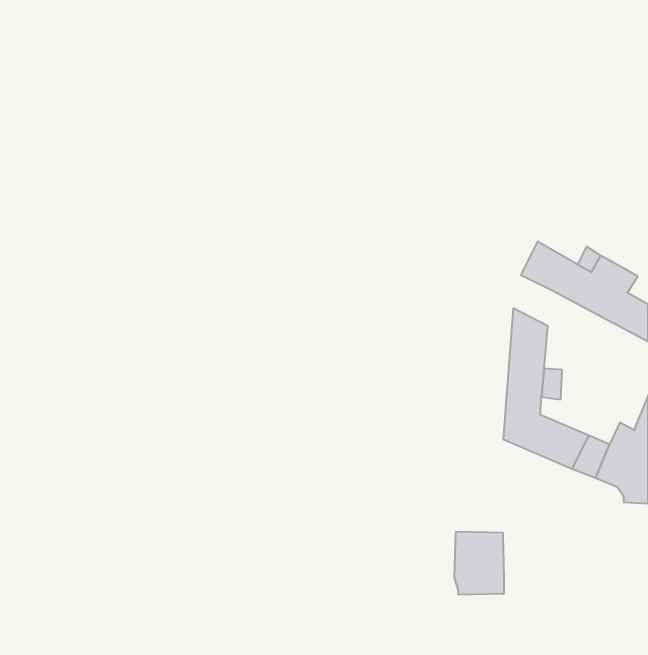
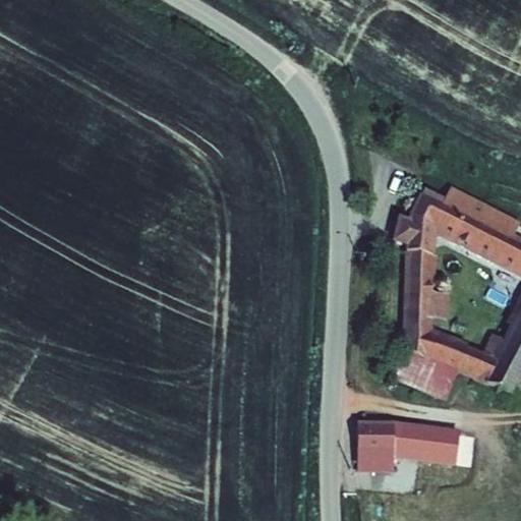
building: none -> [394,214,438,258]
building: none -> [392,348,454,389]
building: none -> [399,424,469,460]

